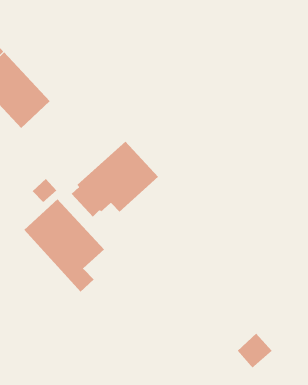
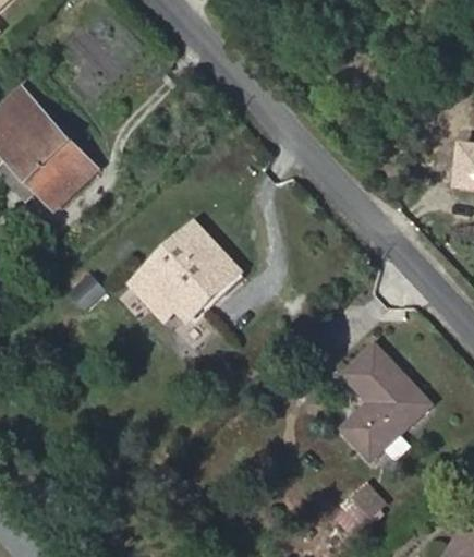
building: [23,199,105,292] -> none
building: none -> [343,346,429,459]

